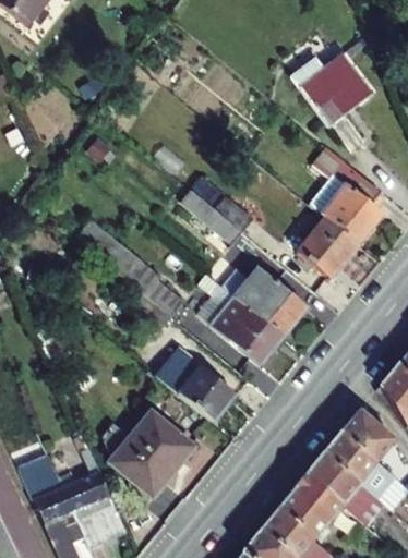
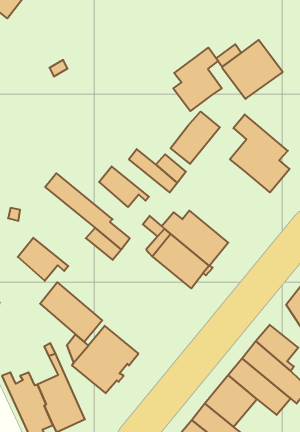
building: none -> [173,48,222,111]
building: none -> [171,112,220,164]
building: none -> [99,166,149,207]
building: [296,216,359,280] -> none
building: none -> [18,238,68,281]
building: [156,347,235,422] -> [40,282,102,342]

